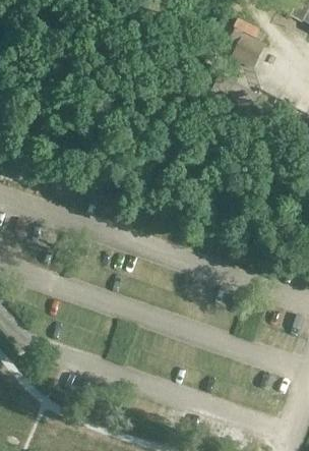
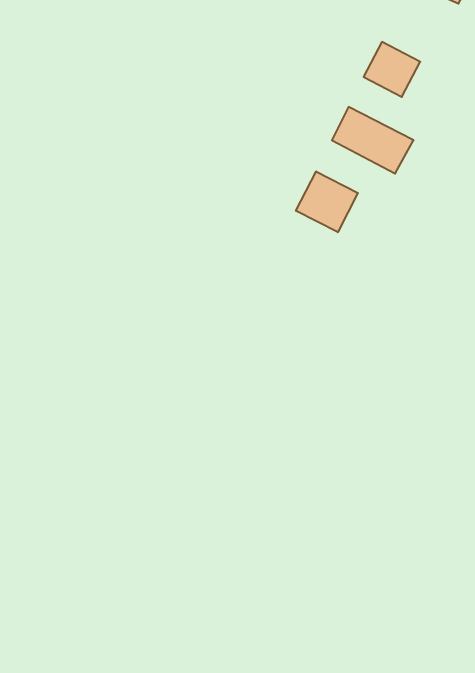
building: none -> [296,171,358,232]

